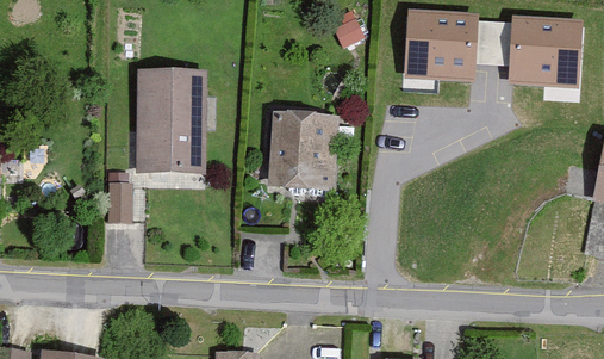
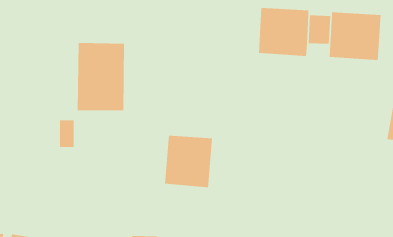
building: [268,110,340,187] -> [164,135,213,188]

